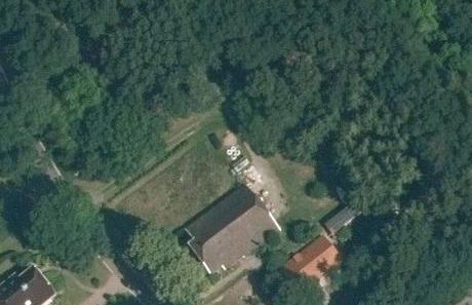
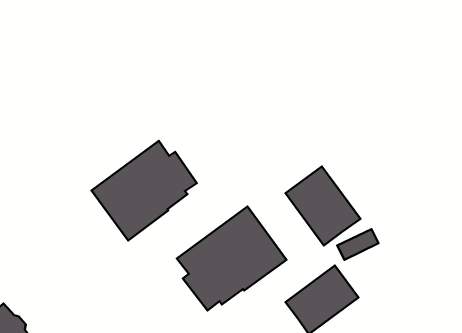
building: none -> [91,141,197,240]
building: none -> [285,166,360,246]

